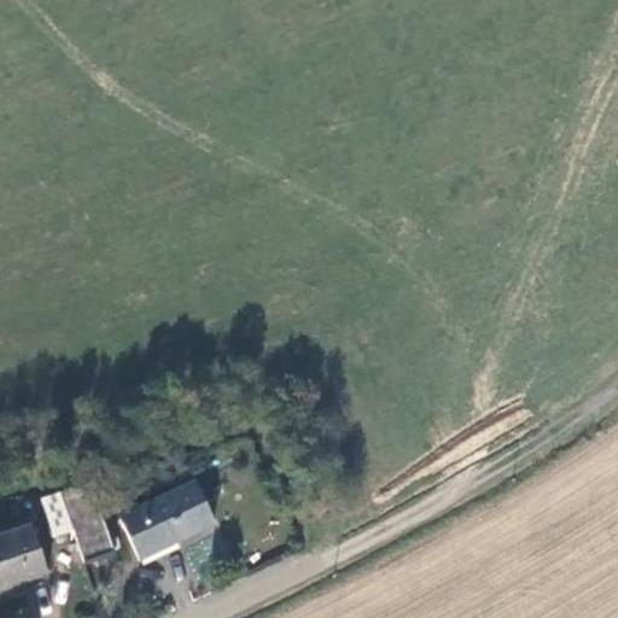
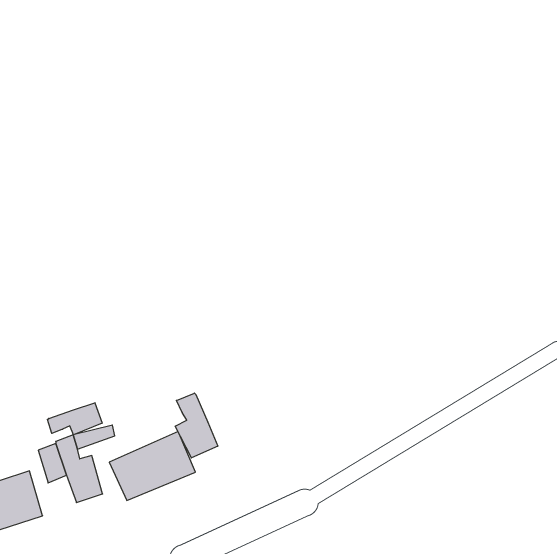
building: none -> [175,393,218,458]
building: none -> [47,403,102,435]

